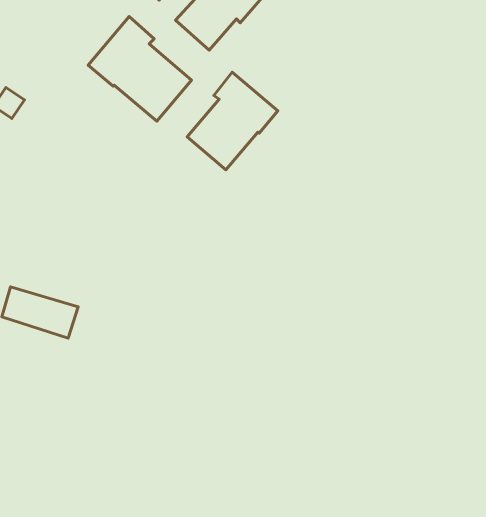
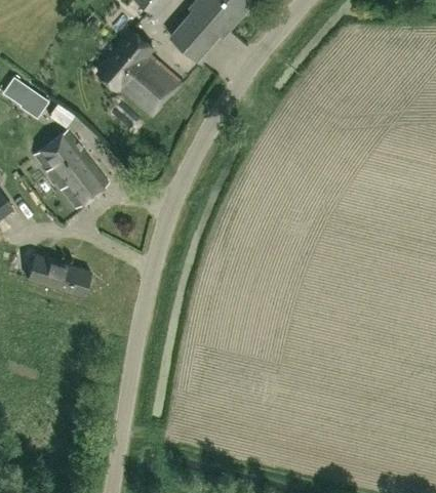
building: [187,72,278,170] -> none
building: none -> [33,128,108,208]

